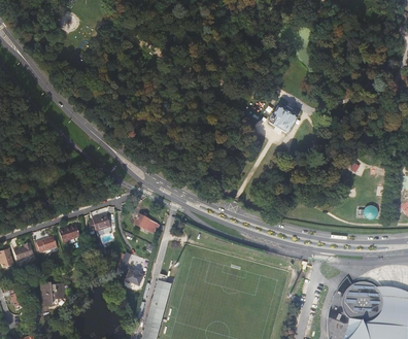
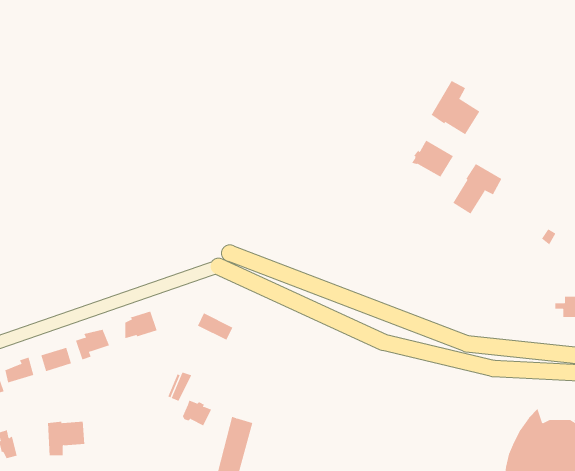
building: none -> [431,80,480,135]
building: none -> [452,163,502,215]

